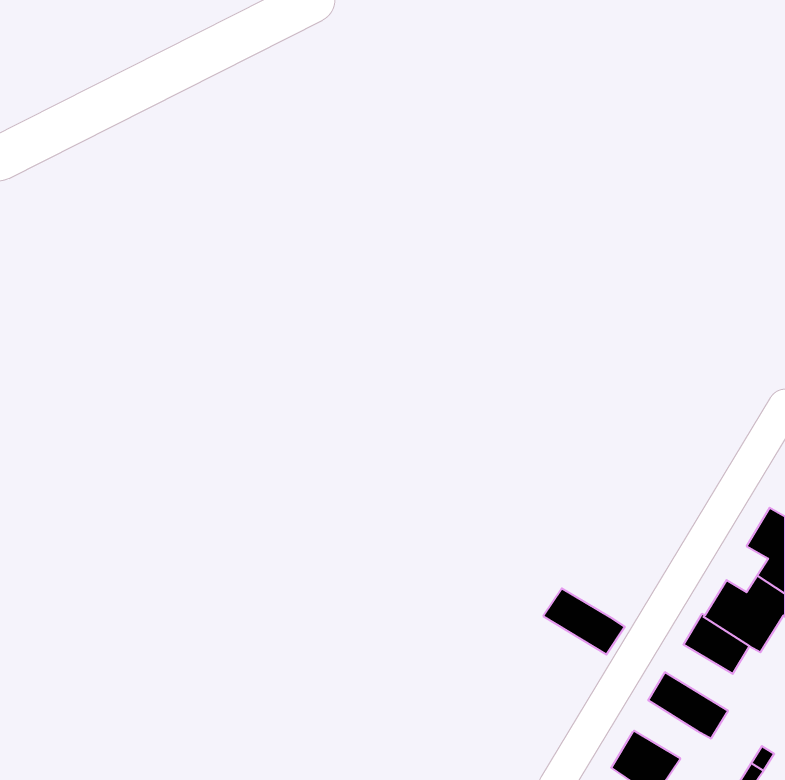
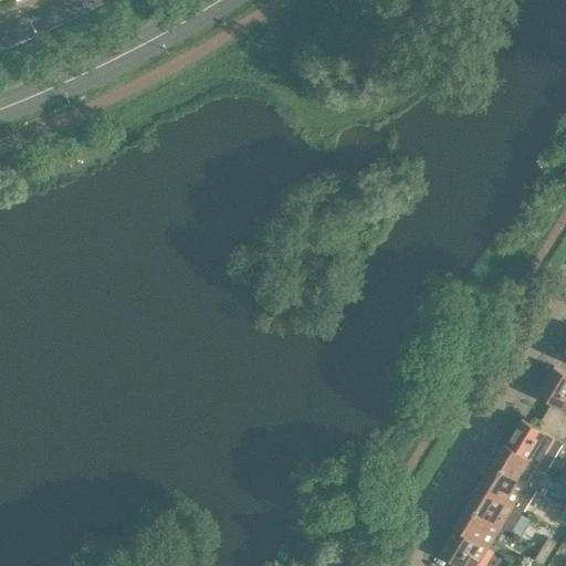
building: [543,588,625,655] -> [478,468,536,515]
building: none -> [452,507,501,549]

